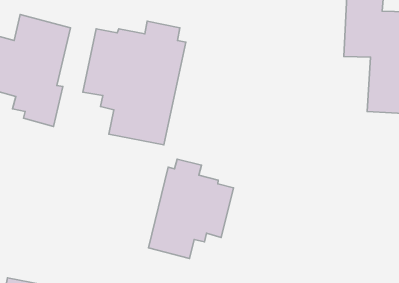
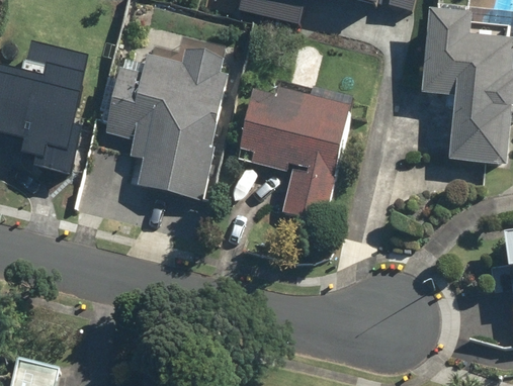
building: none -> [235,79,352,216]
building: [148,159,234,259] -> none

